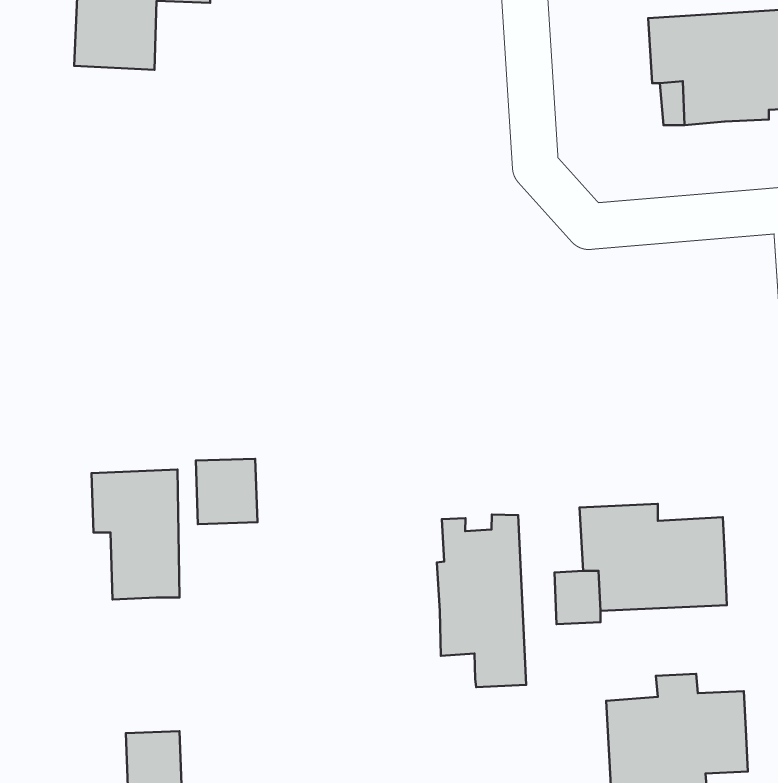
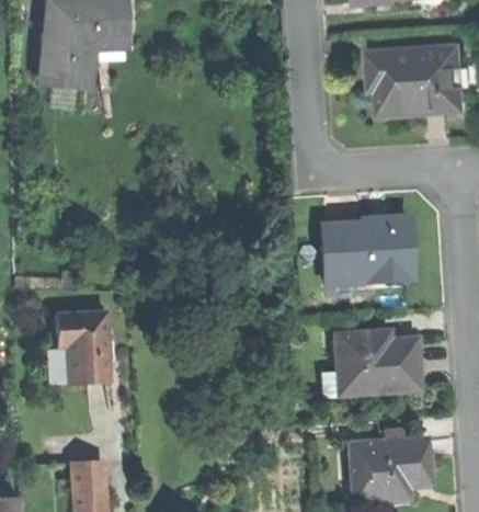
building: none -> [321,217,413,284]
building: [196,459,257,524] -> none
building: [437,515,526,687] -> none

